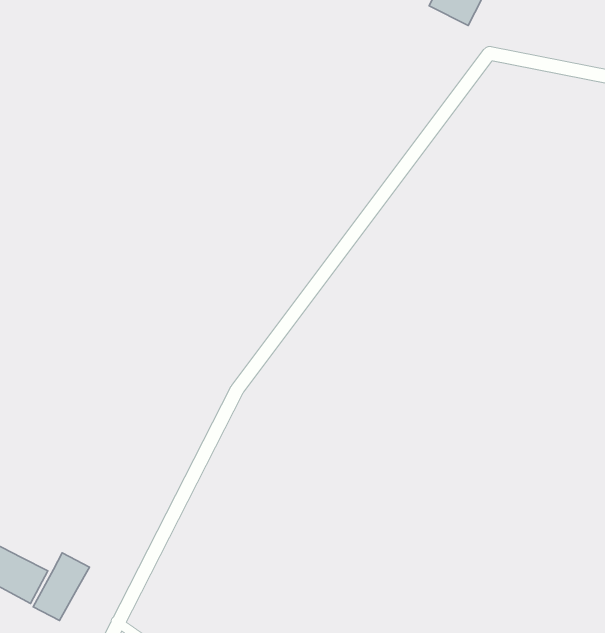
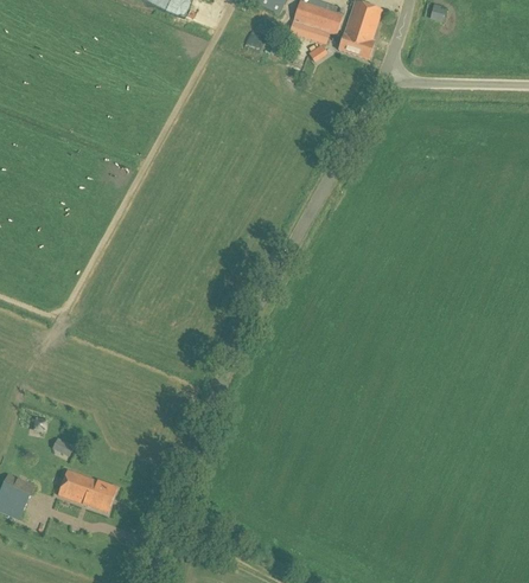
building: [33,553,89,620] -> none

